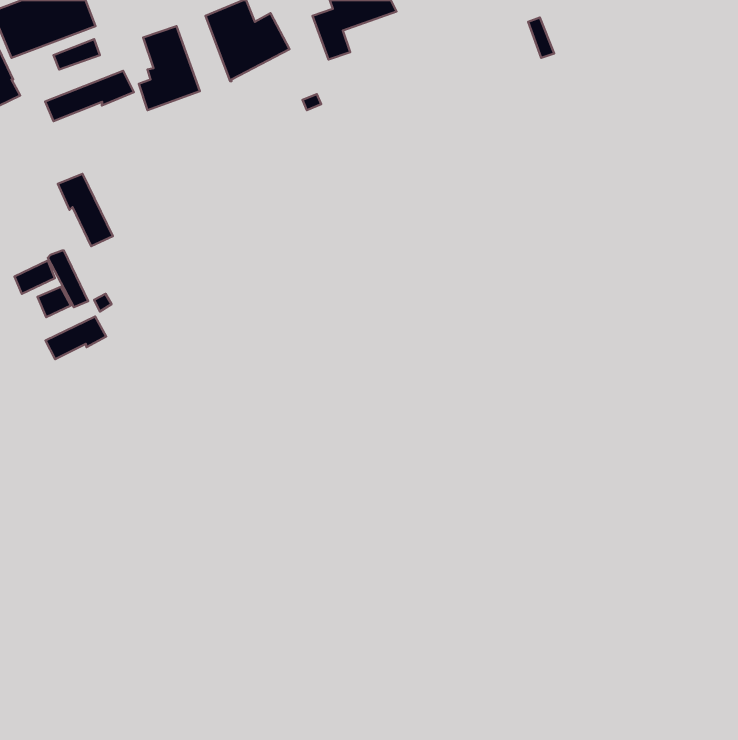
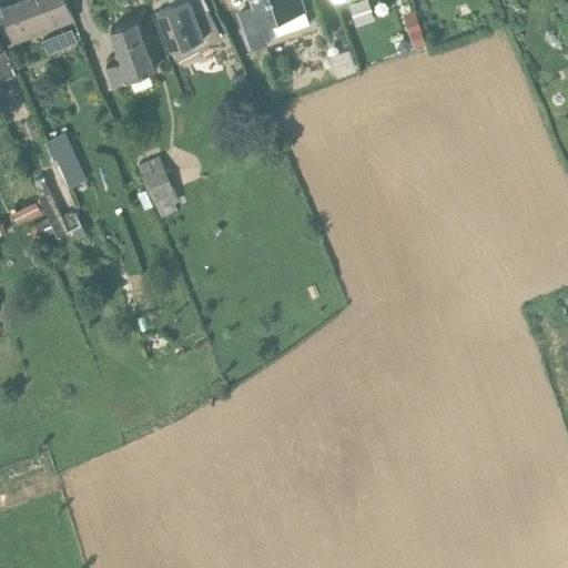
building: [45,71,134,121] -> none
building: none -> [136,156,179,211]
building: [46,317,106,359] -> none

